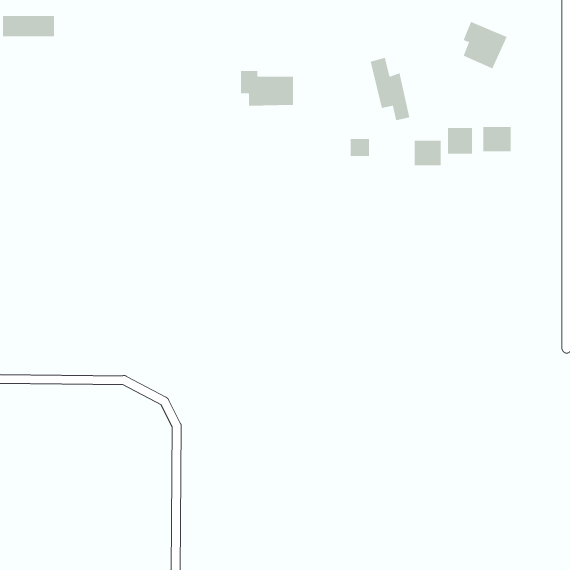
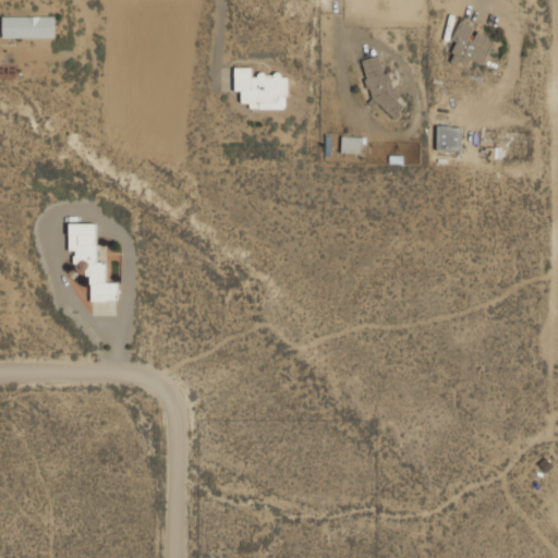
building: [483,126,511,152] -> none
building: [414,140,441,166] -> none
building: none -> [70,222,118,303]

